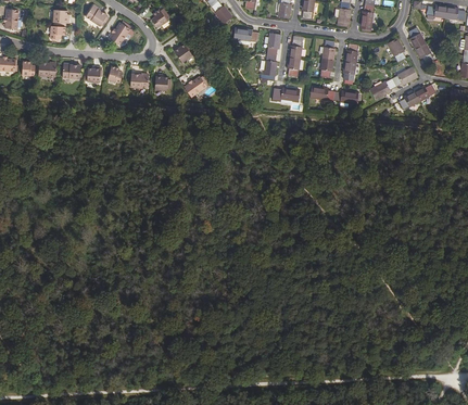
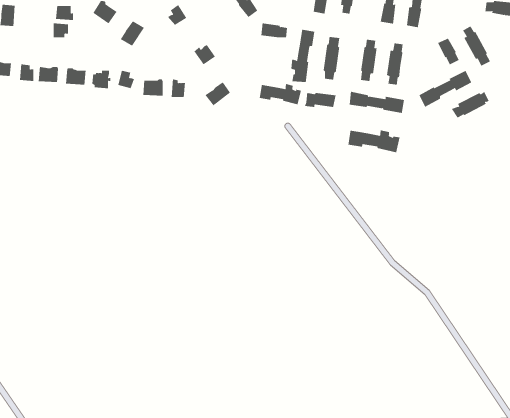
building: none -> [259,83,302,105]
building: none -> [348,129,400,153]

